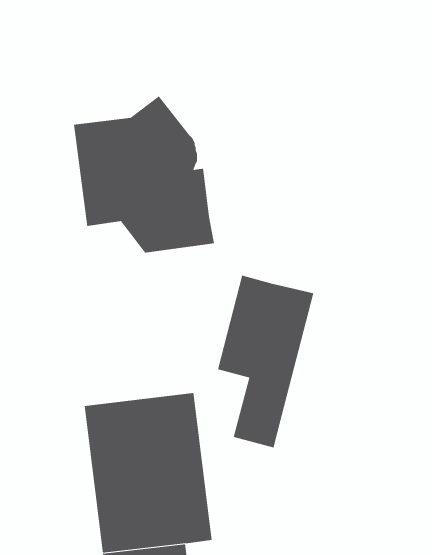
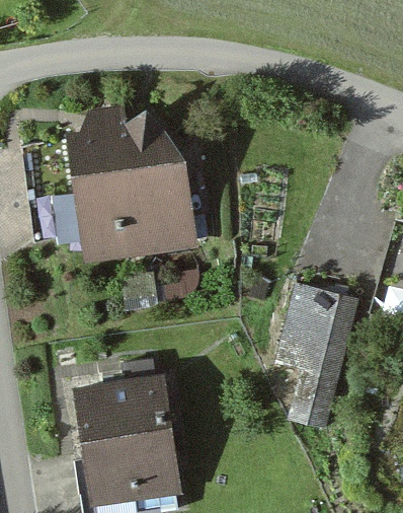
building: [217,275,314,448] -> [280,288,361,433]

